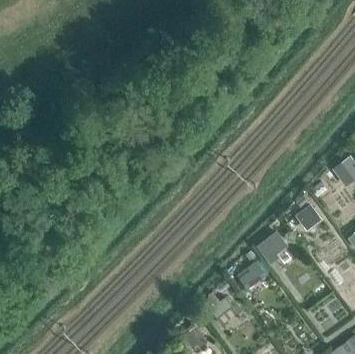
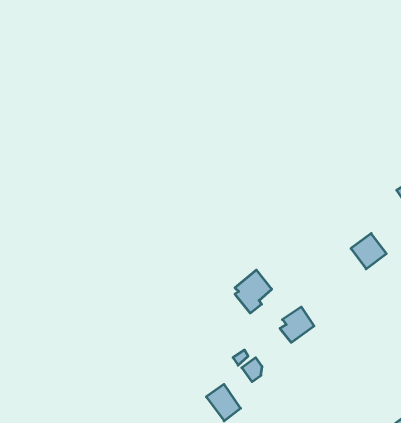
building: [258,231,287,265] -> [235,270,272,313]

